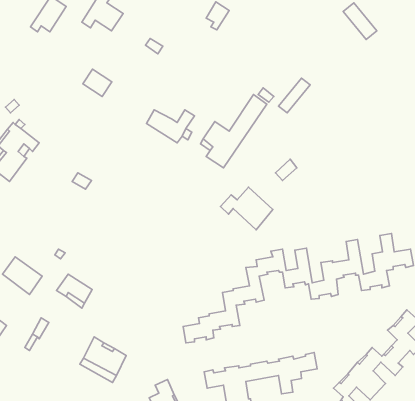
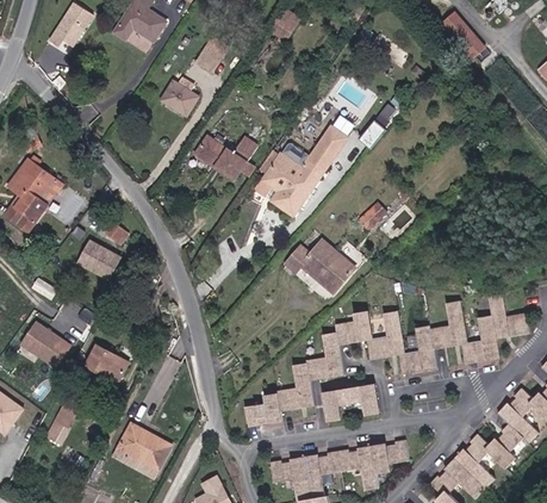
building: [83,69,112,96] -> [162,82,198,116]
building: none -> [80,238,123,278]
building: none -> [319,384,378,423]

